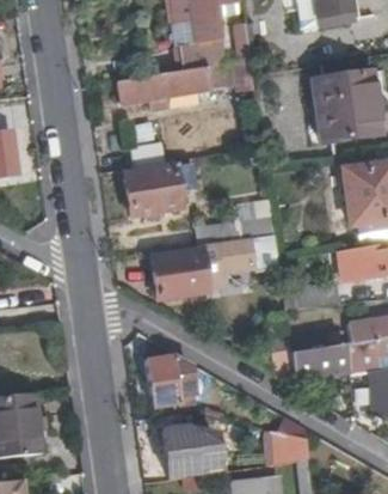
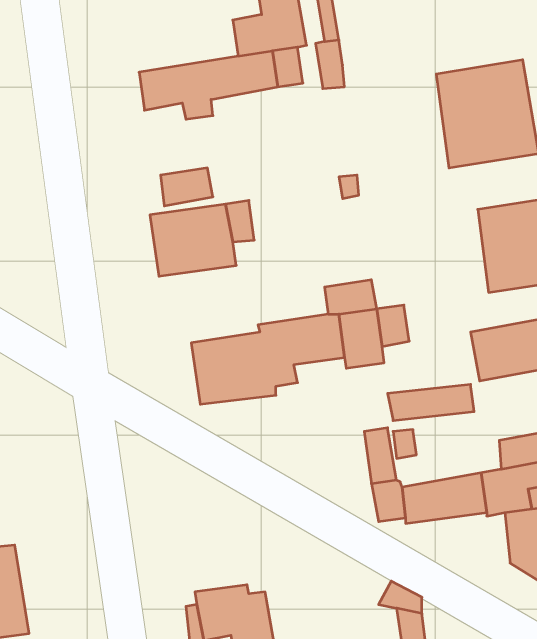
building: [146,353,195,407] -> none

